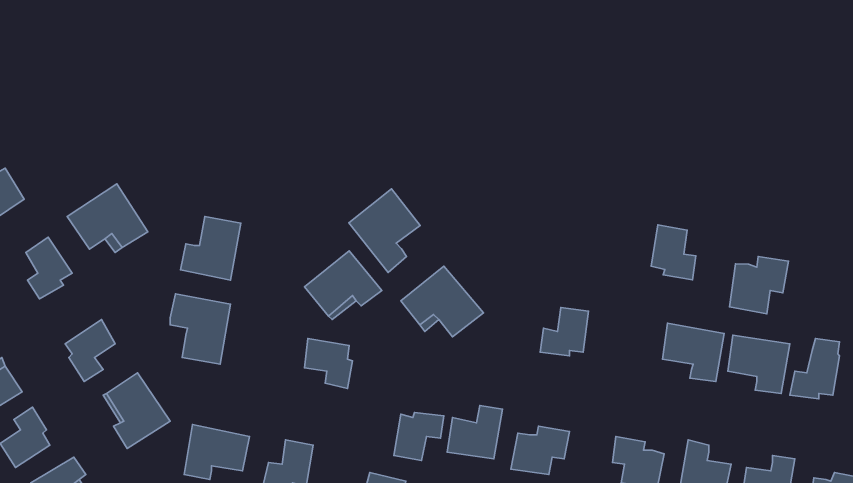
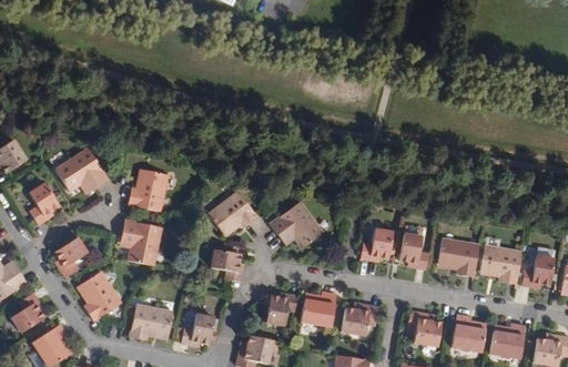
building: [349,189,420,272] -> none
building: [651,225,696,280] -> [400,233,429,268]
building: [730,256,789,314] -> none

